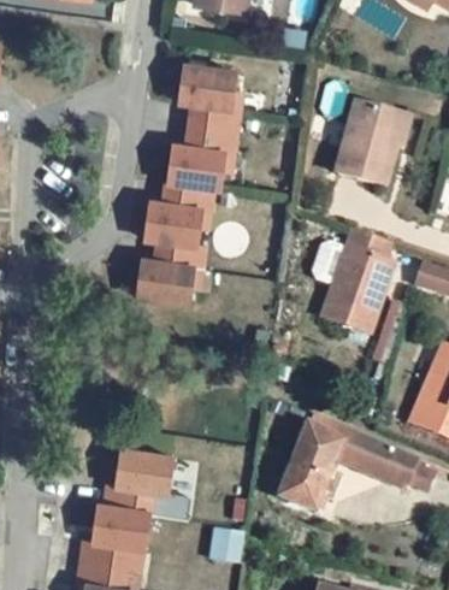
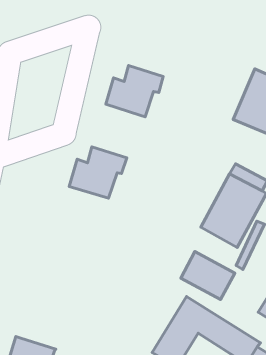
building: [177,63,241,131] -> none
building: [143,179,214,244] -> none
building: none -> [181,251,235,299]
building: [104,448,175,512] -> none

